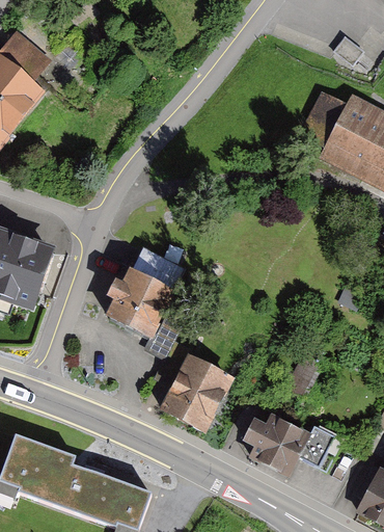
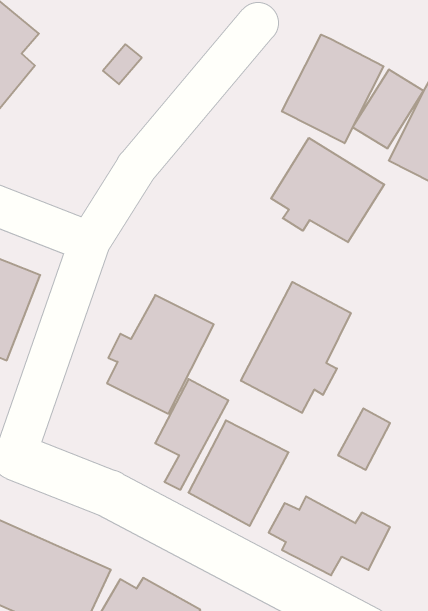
building: none -> [282,35,384,143]
building: none -> [271,138,384,242]
building: none -> [241,282,351,413]

